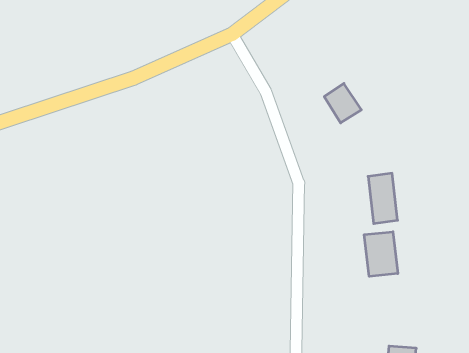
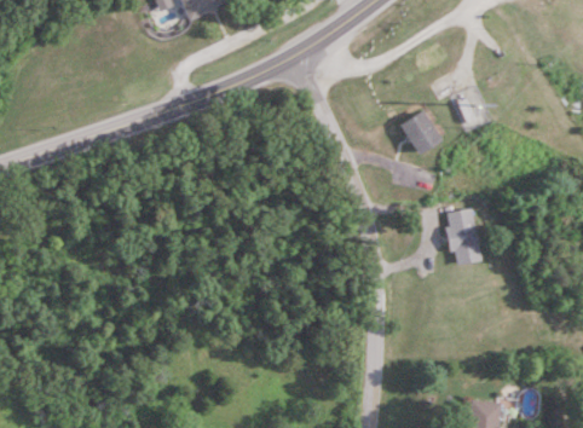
building: [364,232,398,276] -> none

